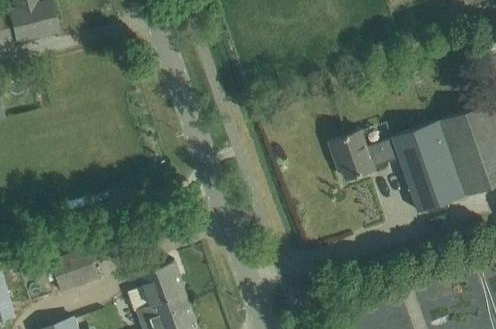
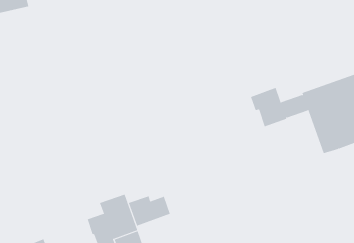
building: [37,248,99,291] -> none
building: none -> [128,196,171,226]

